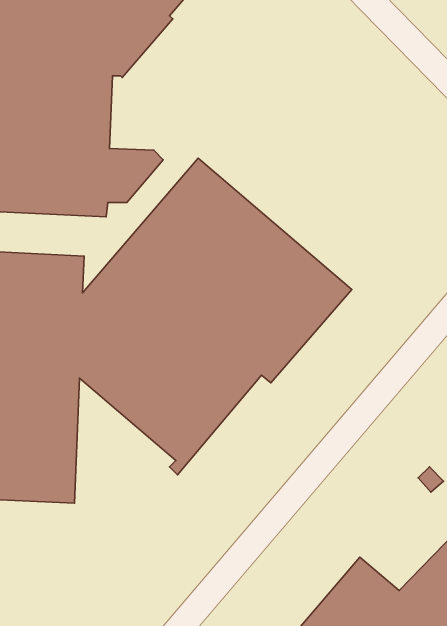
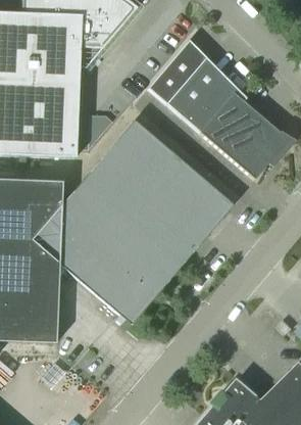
building: none -> [146,42,279,180]

